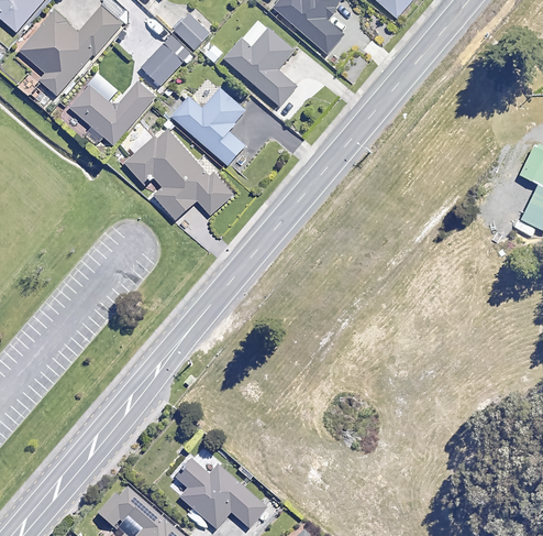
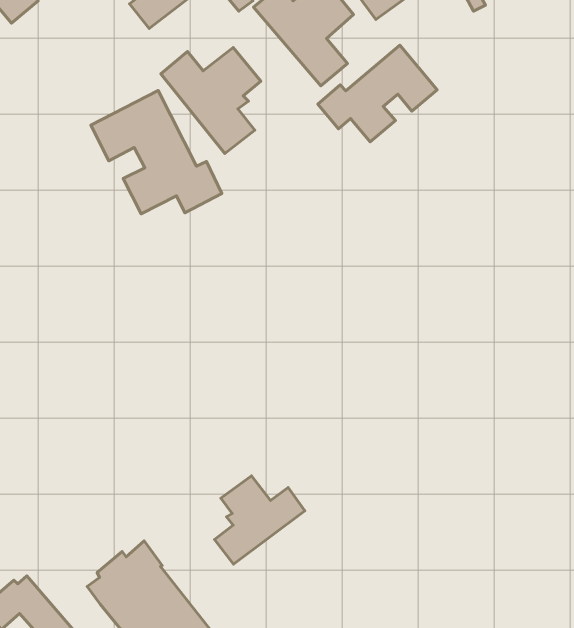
building: none -> [318,45,437,142]
building: [71,84,152,143] -> none
building: none -> [214,476,305,564]

